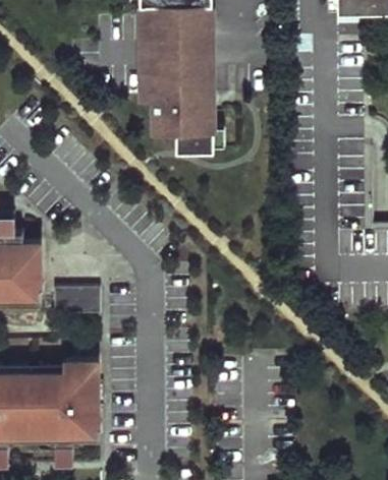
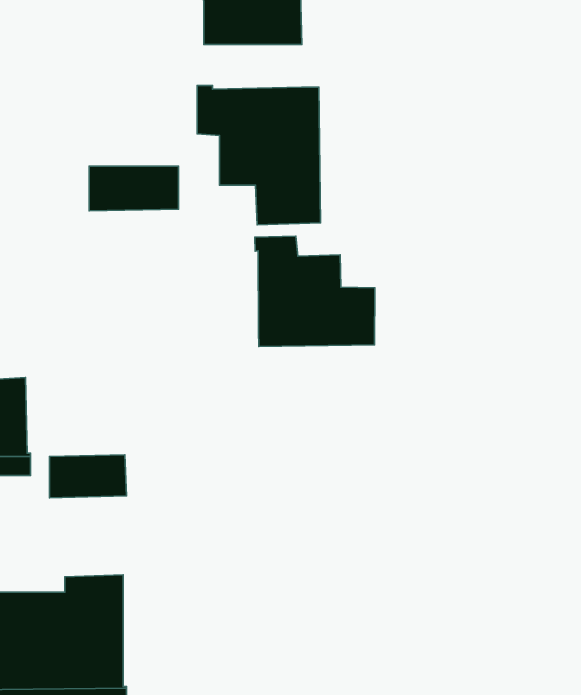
building: [151,50,204,76] -> [89,166,178,211]
building: none -> [255,236,375,346]

